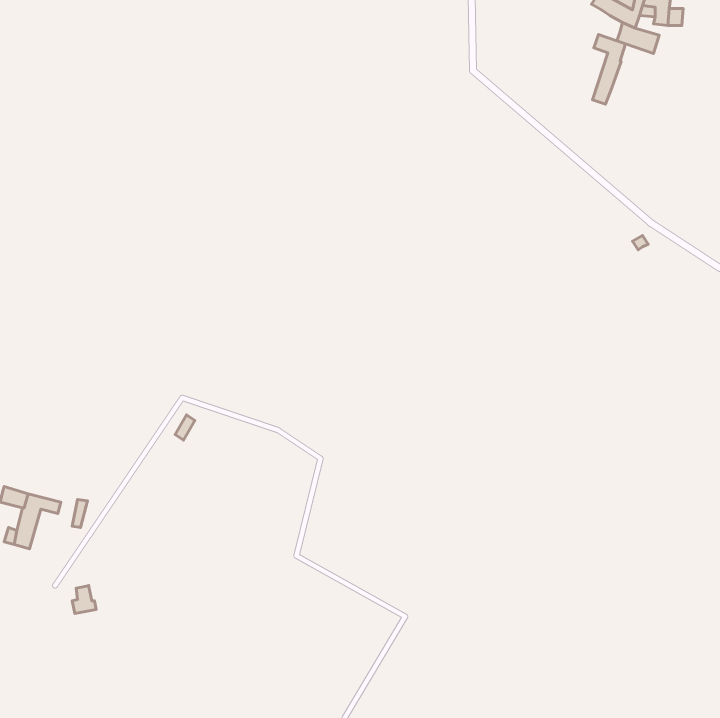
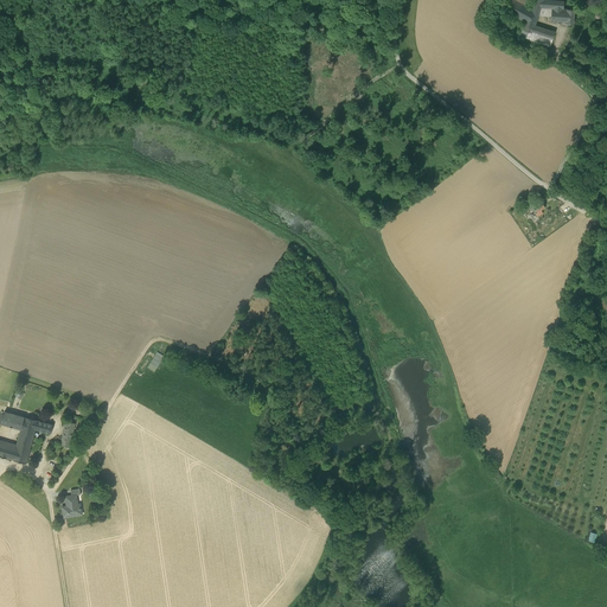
building: [592,35,626,104] -> none

